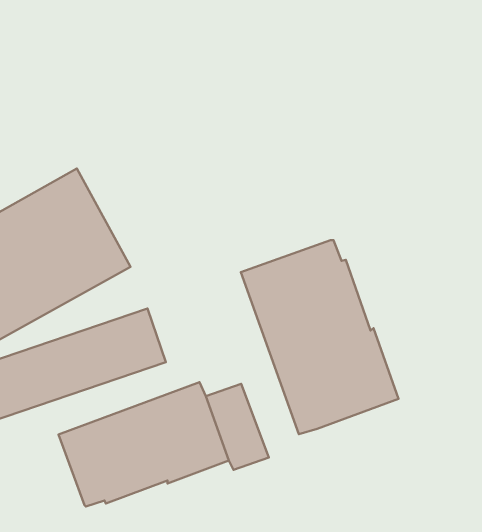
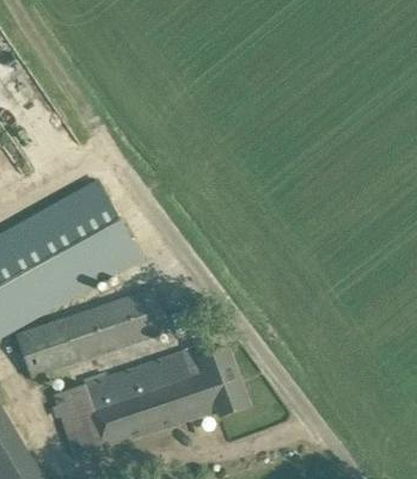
building: [241,240,398,434] -> none
building: none -> [50,382,104,454]

